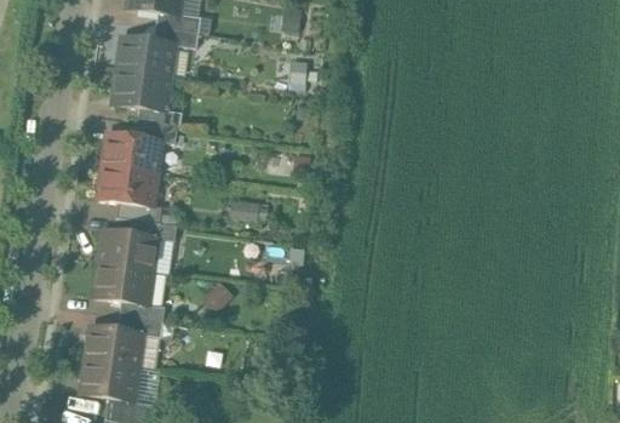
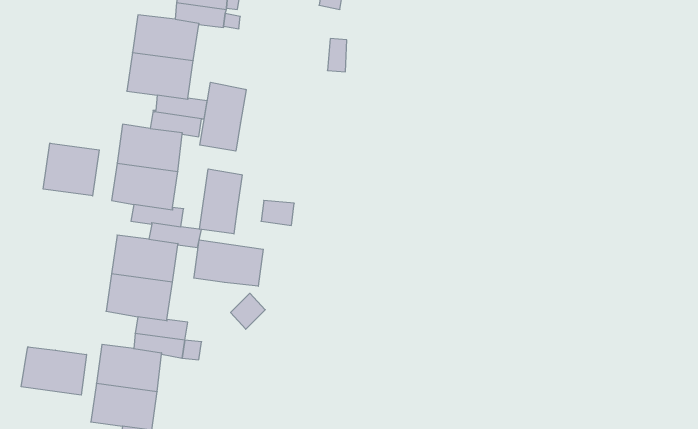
building: none -> [200,82,246,151]
building: none -> [43,143,99,196]
building: none -> [200,169,242,234]
building: none -> [194,240,263,286]
building: none -> [21,347,86,395]

